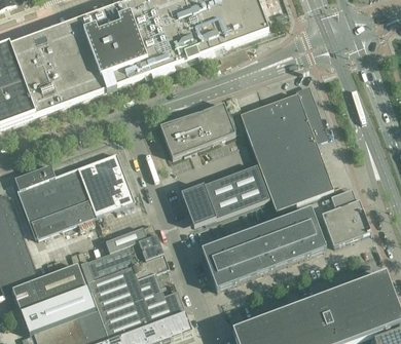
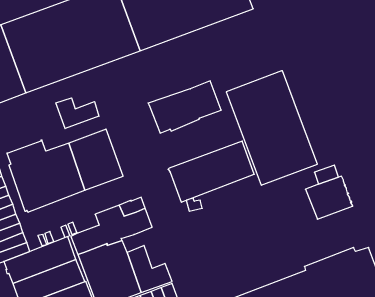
building: [295,85,328,143] -> none
building: none -> [56,98,99,129]
building: [202,208,325,290] -> none
building: [132,254,169,279] -> none

